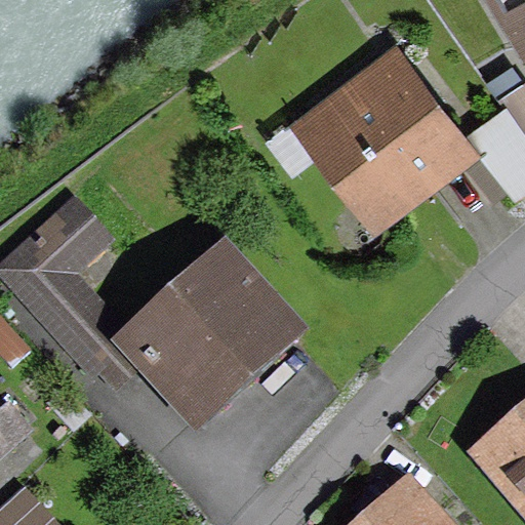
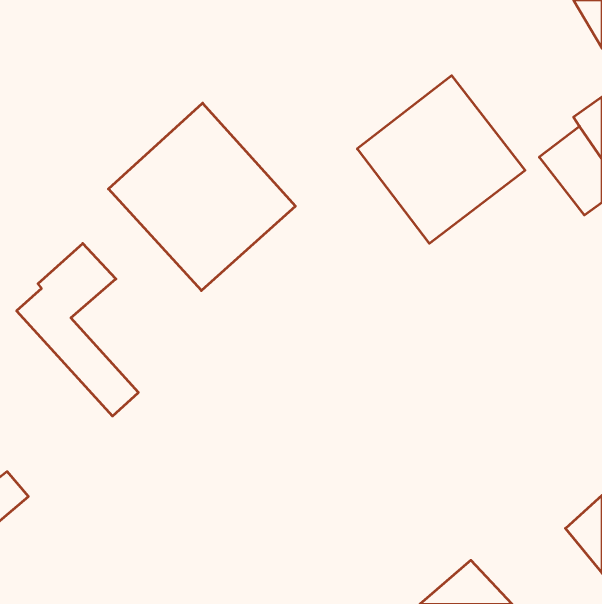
building: none -> [108,103,295,291]
building: [127,262,288,420] -> none

